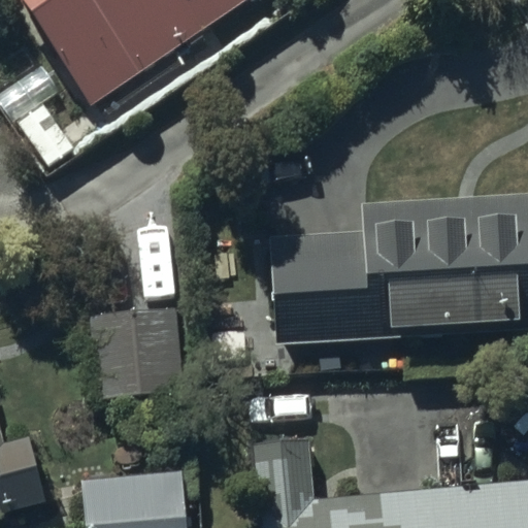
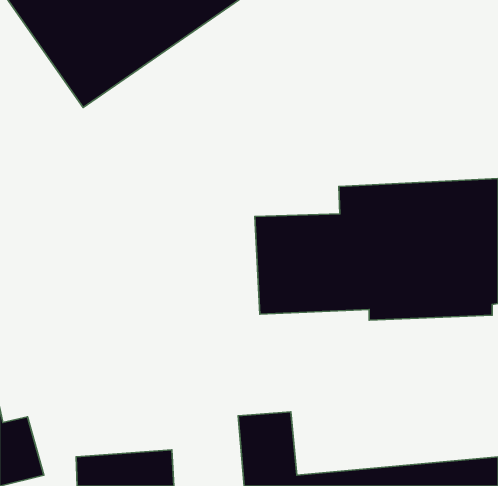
building: [91,307,185,398] -> none

